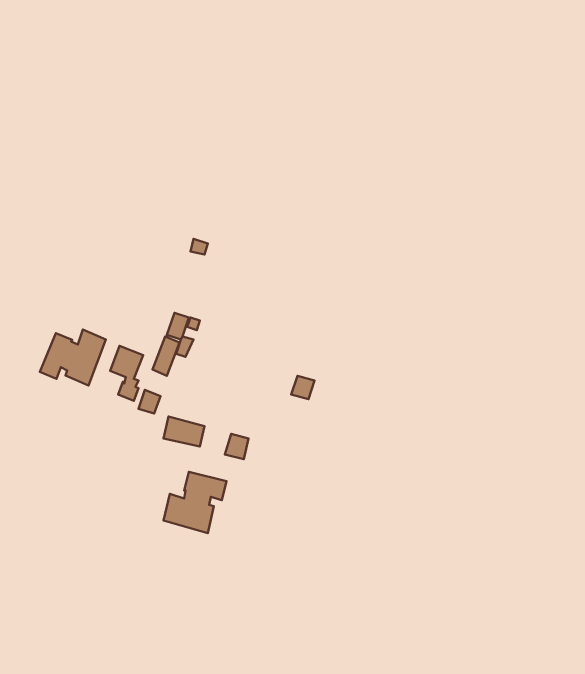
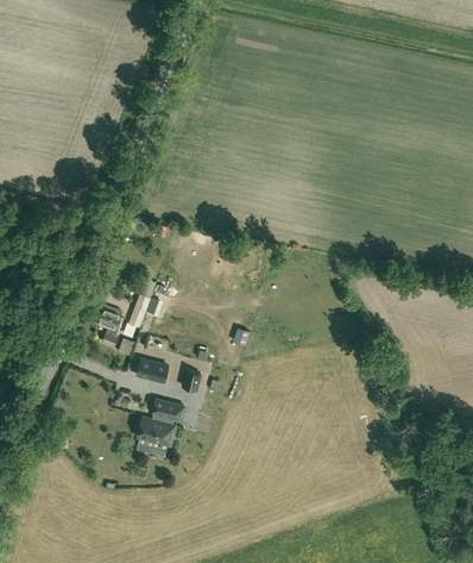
building: [40,329,106,386] -> none

